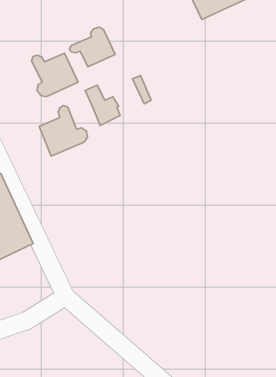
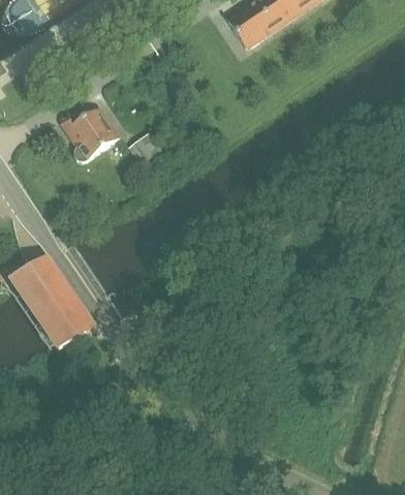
building: [70,27,115,67] -> none
building: [39,106,88,156] -> none

